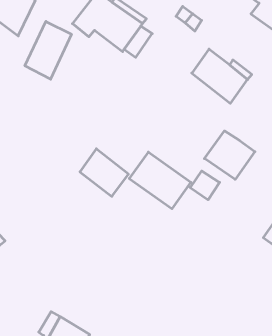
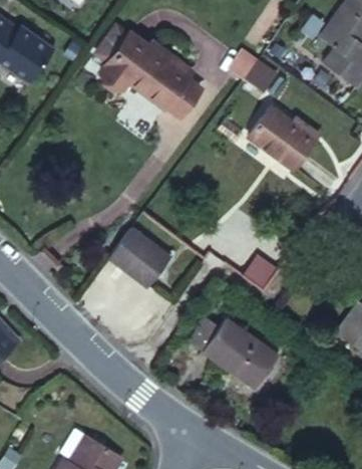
building: [25,21,71,79] -> none
building: [204,131,255,179] -> none
building: [129,152,191,209] -> [203,320,278,390]

